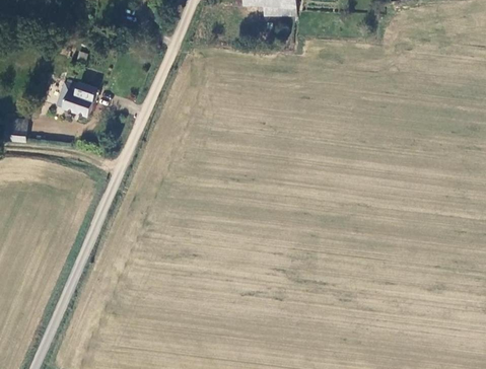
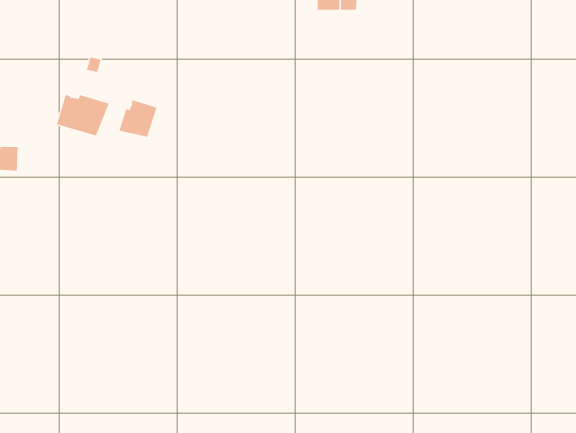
building: none -> [119,100,157,138]

